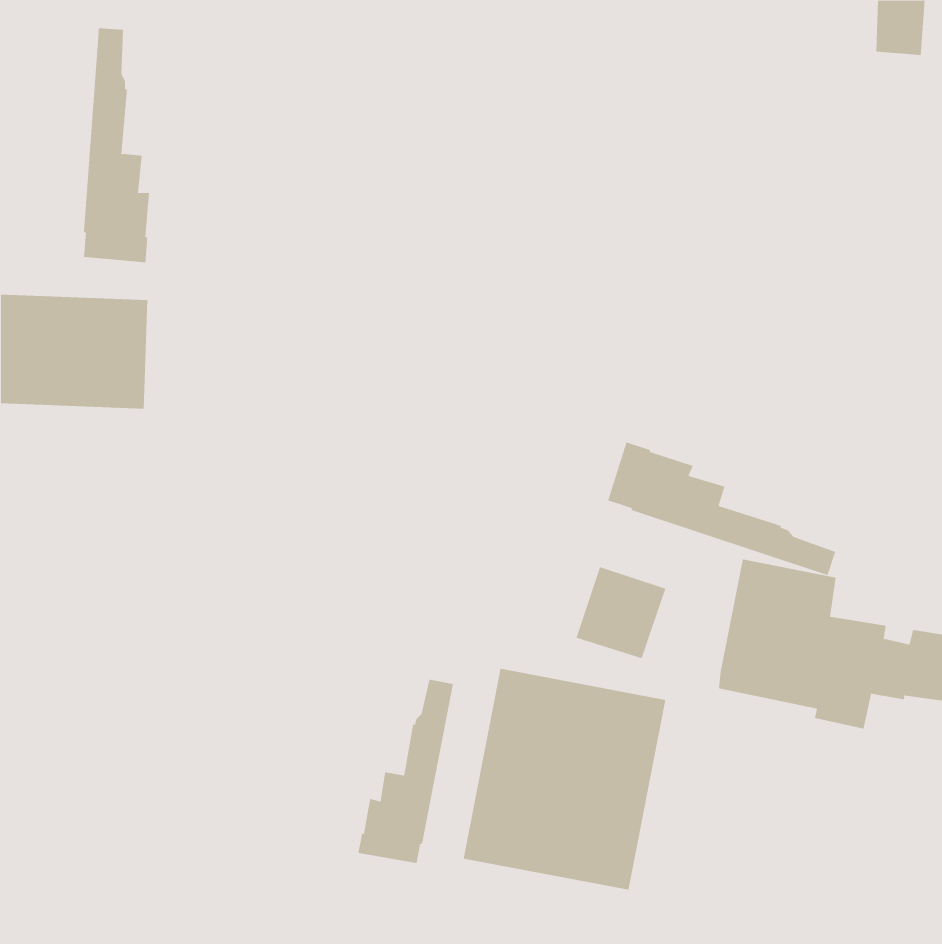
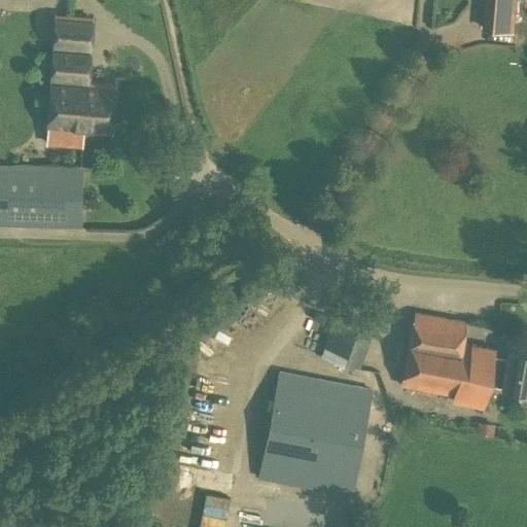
building: none -> [70,17,116,135]
building: [608,442,836,576] -> none
building: [358,679,453,864] -> none

